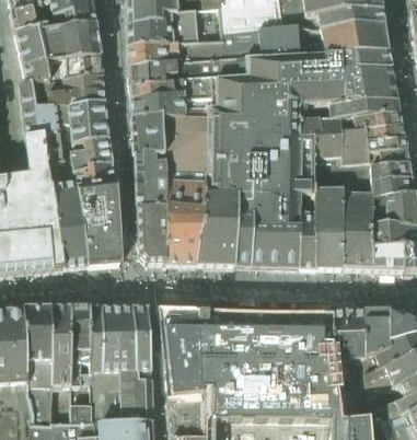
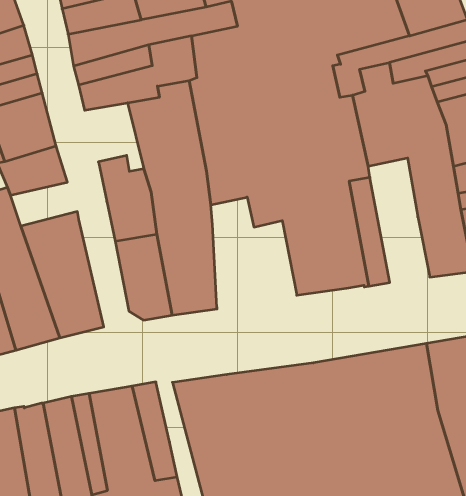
building: [131,117,164,163] -> none
building: [72,163,115,187] -> none
building: [314,186,343,268] -> none
building: [197,194,252,265] -> none

